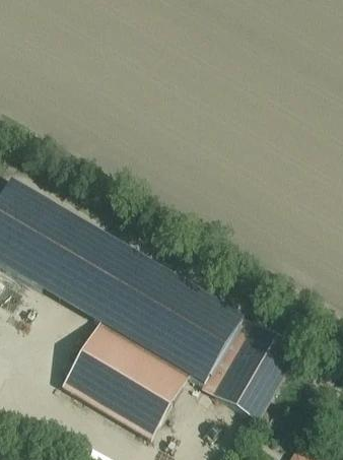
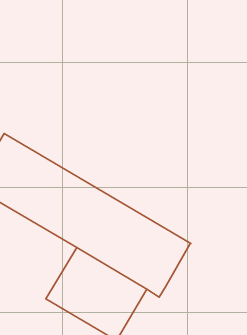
building: [211,316,296,417] -> none

